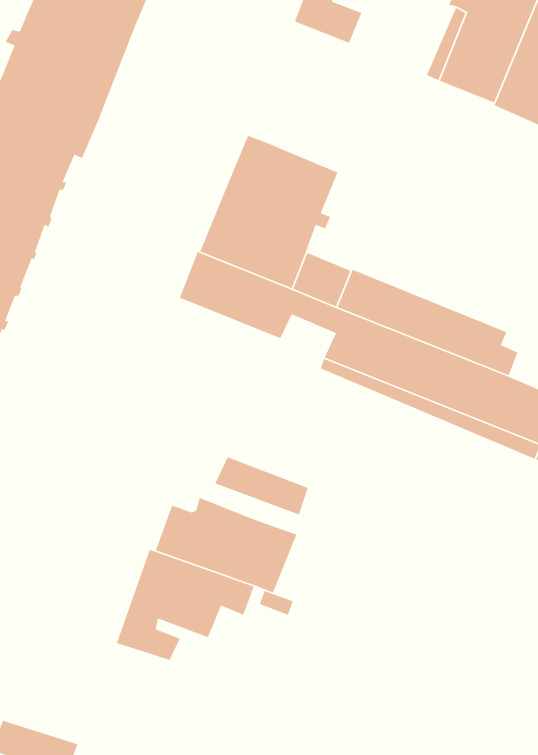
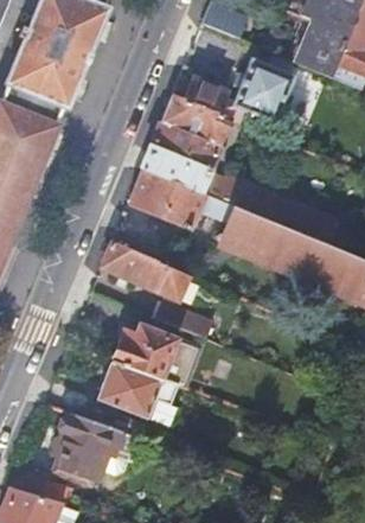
building: none -> [186,59,294,123]
building: none -> [101,243,186,300]
building: none -> [55,414,122,485]

